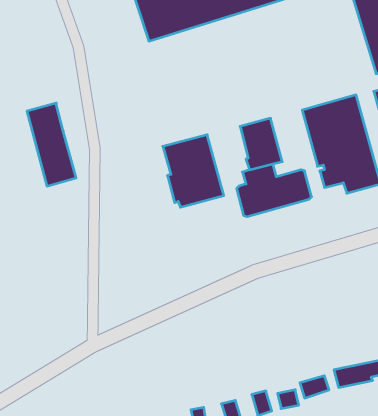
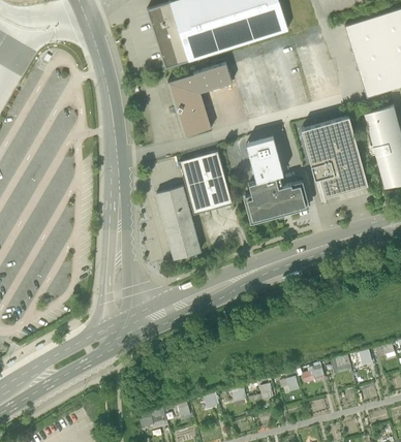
building: none -> [167,63,232,137]
building: [27,103,76,186] -> [156,186,199,259]

